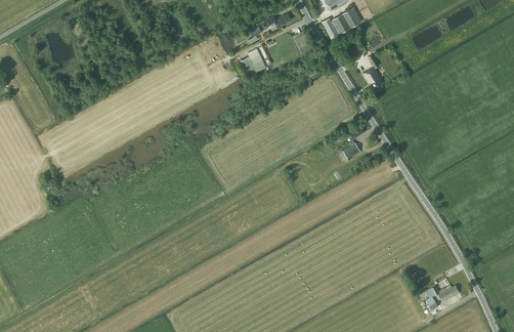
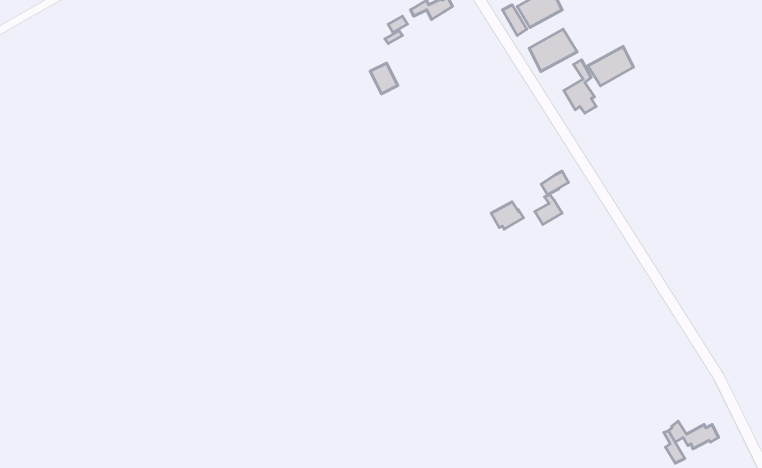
building: none -> [529,29,577,72]
building: none -> [588,47,633,86]

